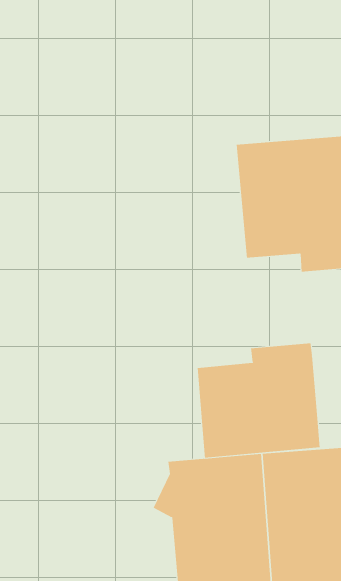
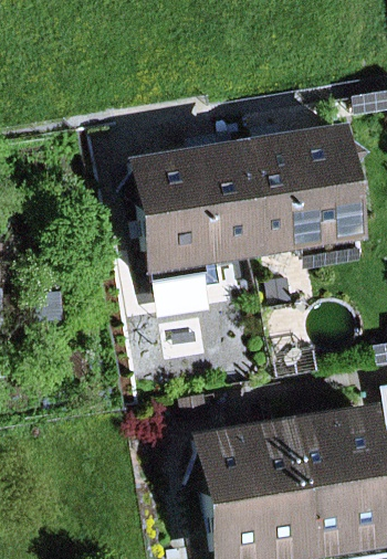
building: none -> [122,143,253,288]
building: [197,342,320,458] -> none

